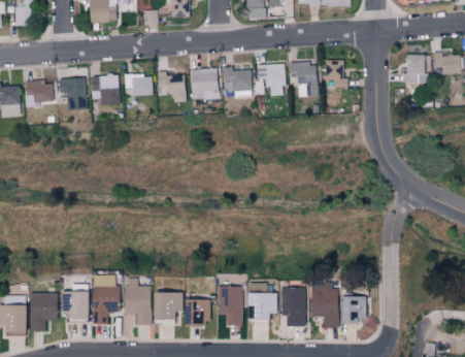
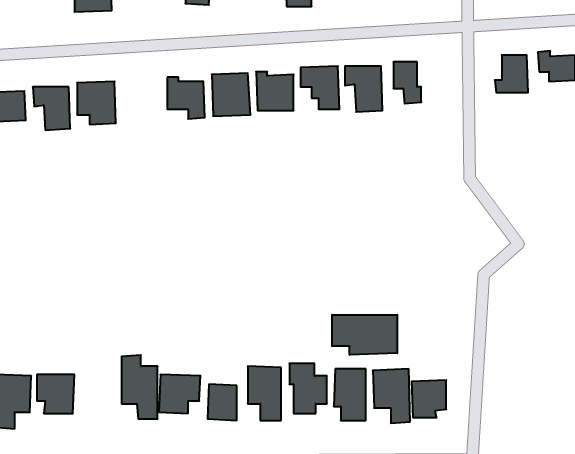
building: [124,74,153,96] -> none
building: none -> [332,315,397,355]
building: [93,275,118,324] -> none

